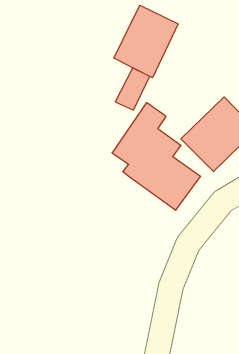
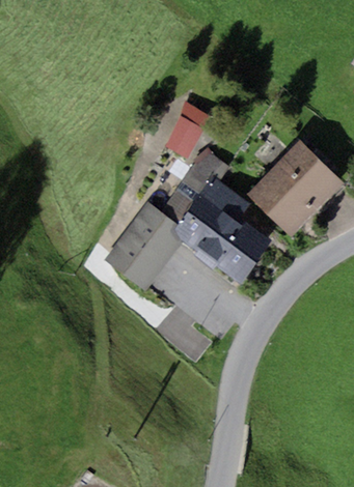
building: [114,5,178,78] -> none
building: none -> [104,202,183,291]

